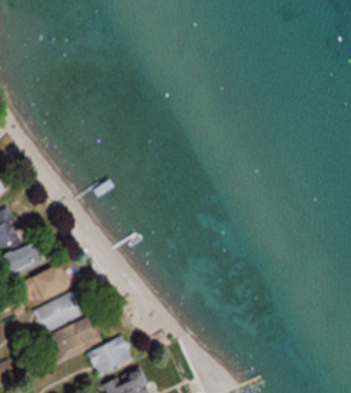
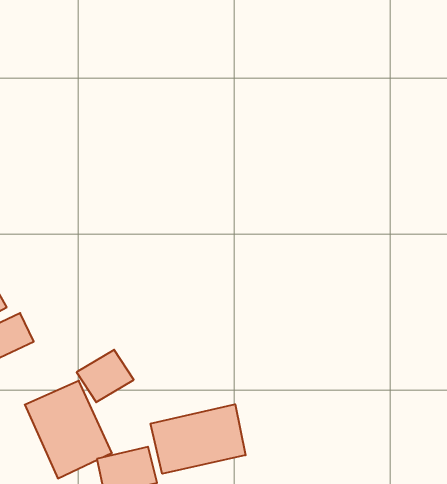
building: [25,263,67,301] -> [77,350,134,402]
building: none -> [151,404,246,474]

